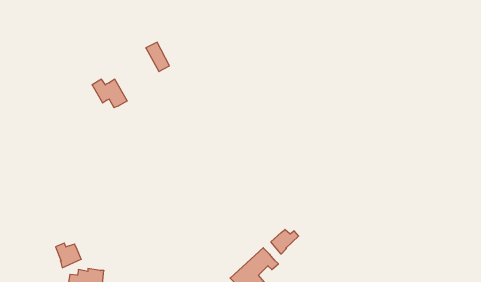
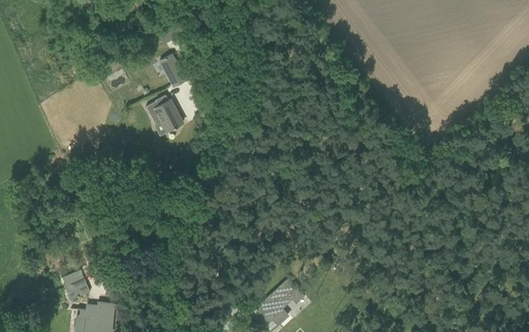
building: [92,79,127,108] -> [146,98,184,129]
building: [271,229,299,254] -> none

